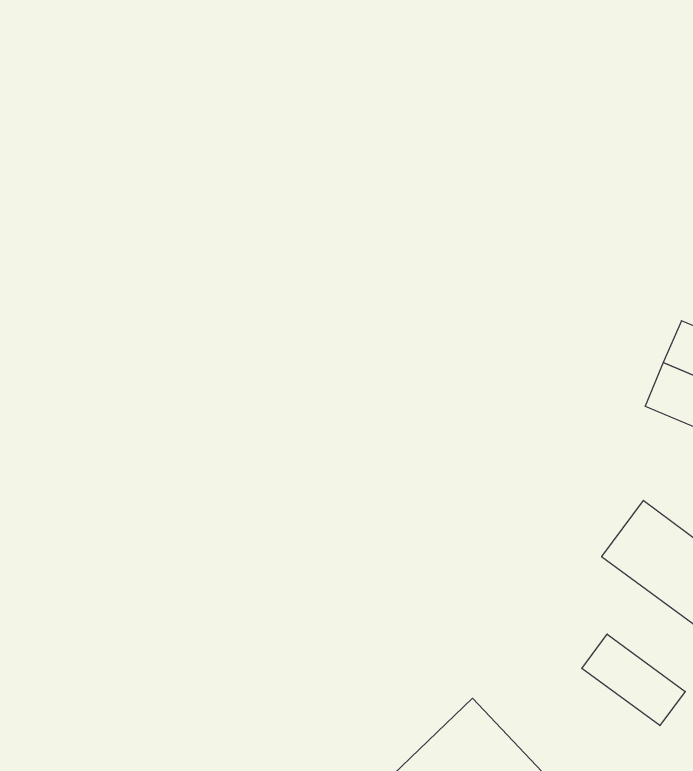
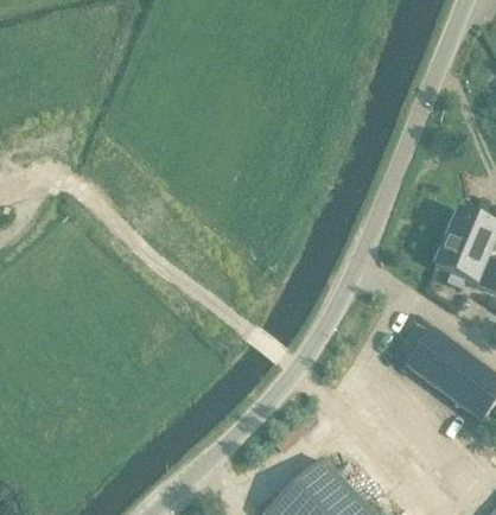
building: [582,634,685,726] -> none

